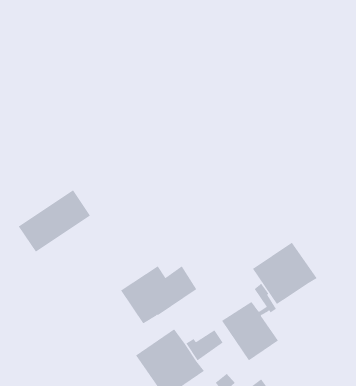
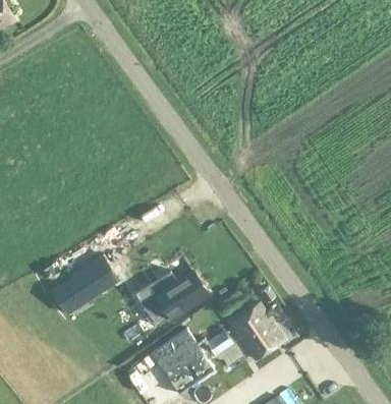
building: [18,190,91,253] -> [51,254,119,313]
building: [252,242,317,305] -> none

